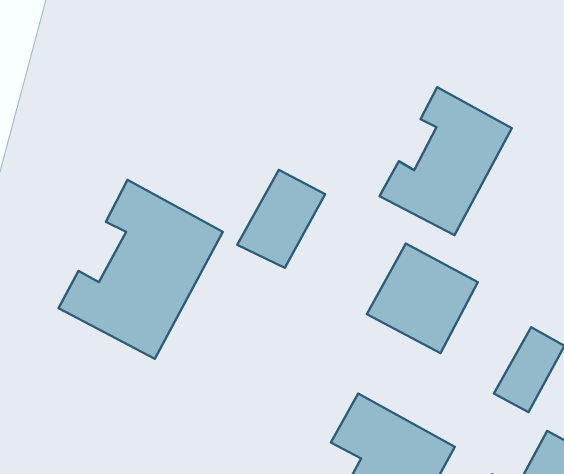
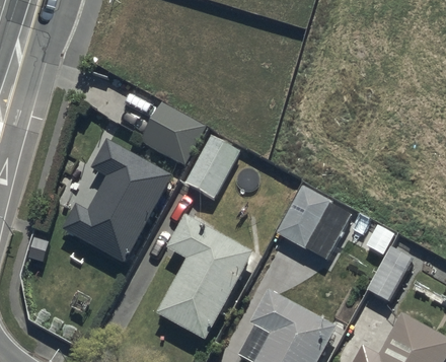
building: [380,87,512,235] -> none
building: none -> [139,100,205,164]
building: none -> [155,212,253,340]

